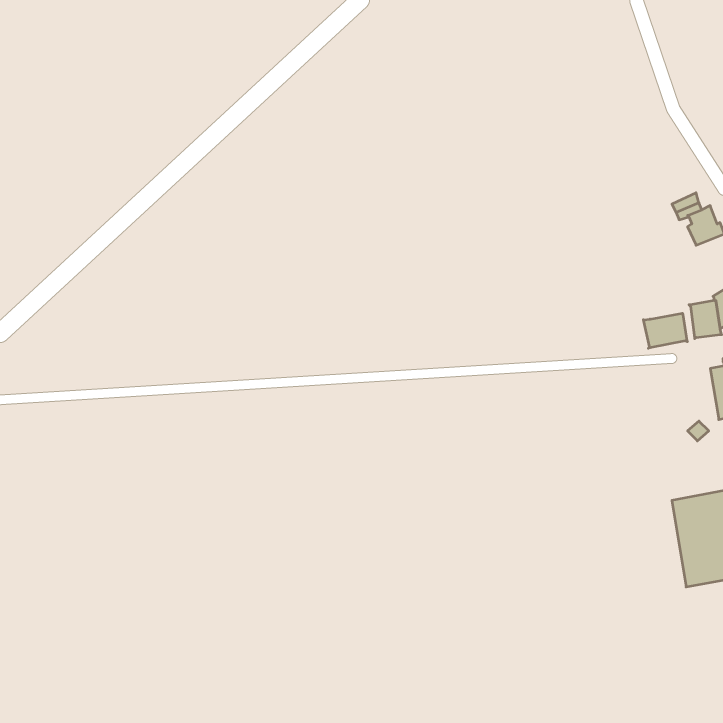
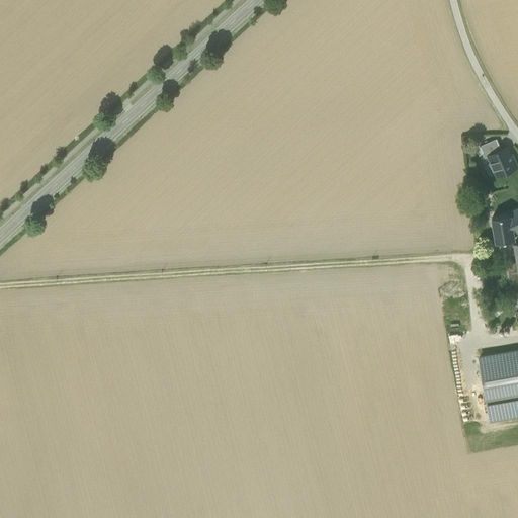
building: [643,313,687,348] -> none

